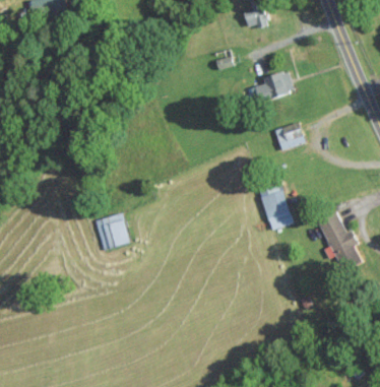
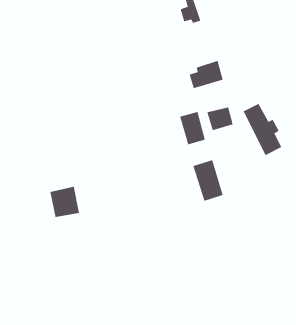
building: none -> [180,111,205,145]
building: [317,212,362,272] -> [243,103,282,156]

